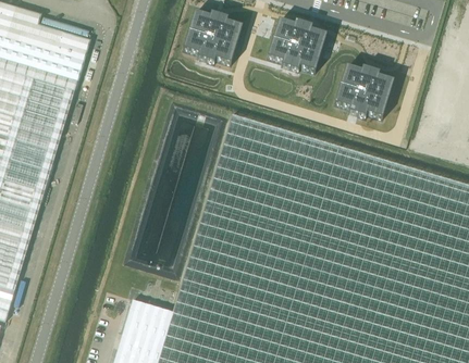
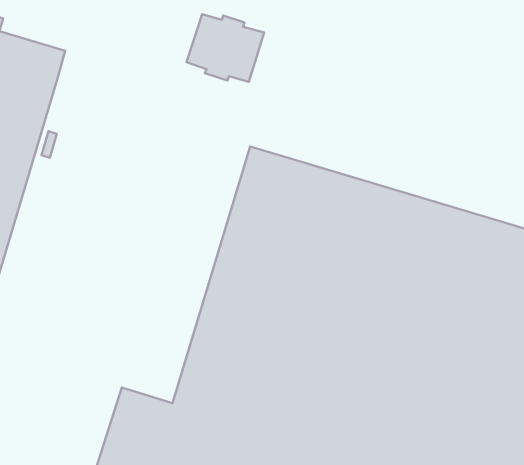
building: [267,21,326,74] -> none
building: [334,67,394,120] -> none

